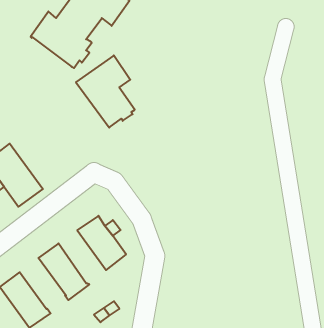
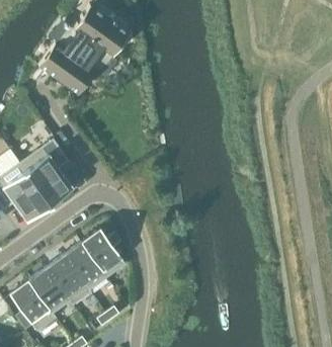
building: [76,55,135,128] -> [19,139,73,204]
building: none -> [64,242,107,290]
building: none -> [28,267,71,314]

